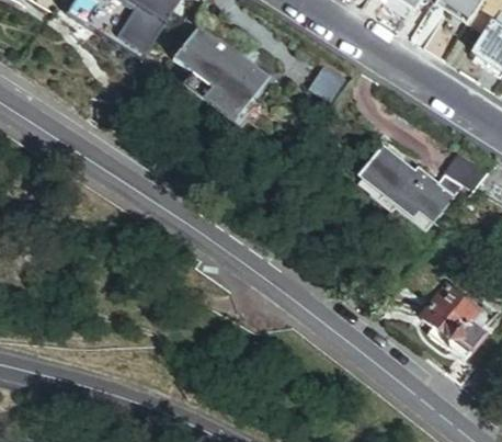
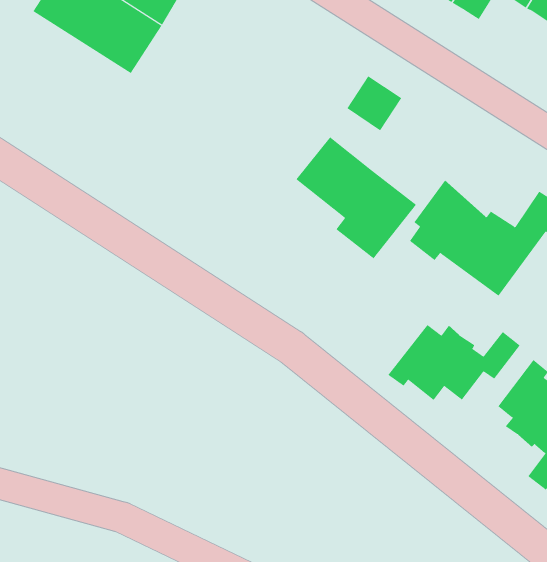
building: [175,23,269,117] -> [296,136,417,259]
building: none -> [388,324,521,401]

